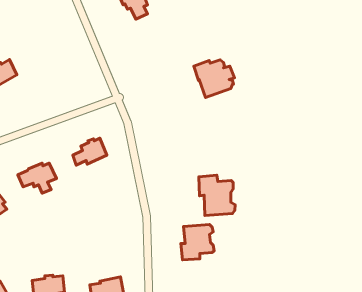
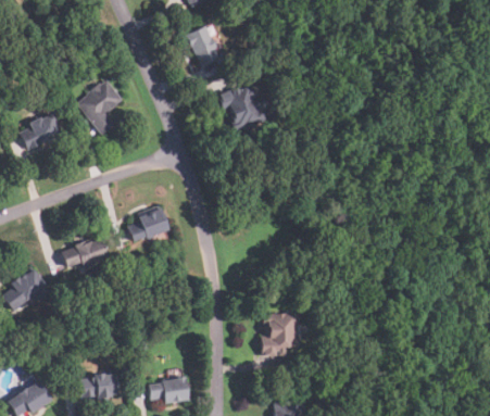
building: none -> [78,80,122,136]
building: [194,60,234,98] -> [219,86,268,131]
building: [199,175,235,216] -> none

